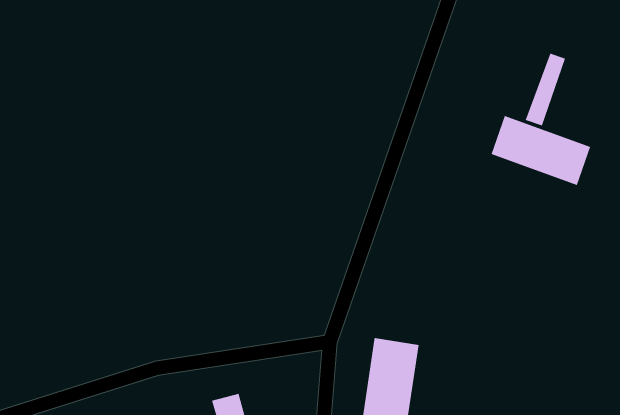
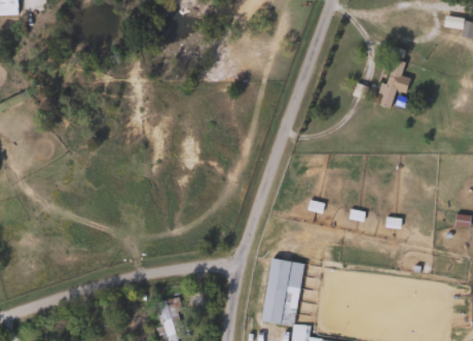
building: [491,115,591,186] -> none

